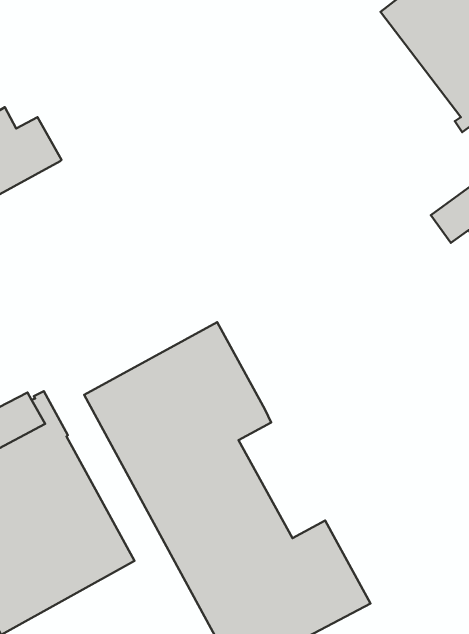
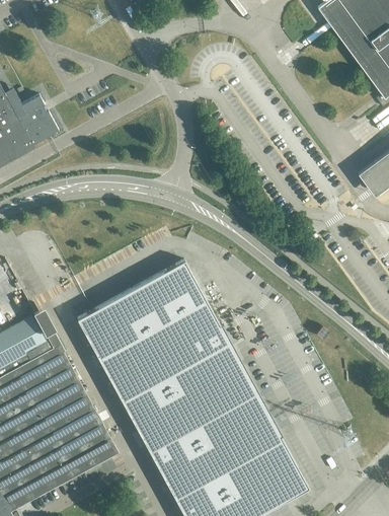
building: none -> [202,342,271,435]

